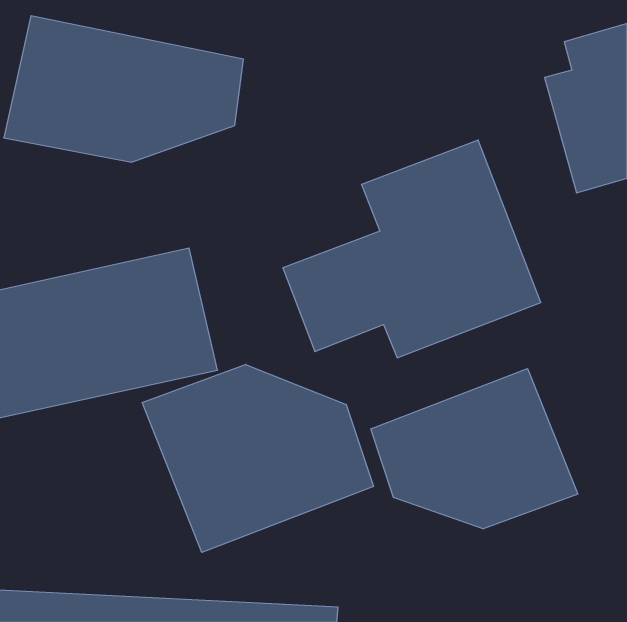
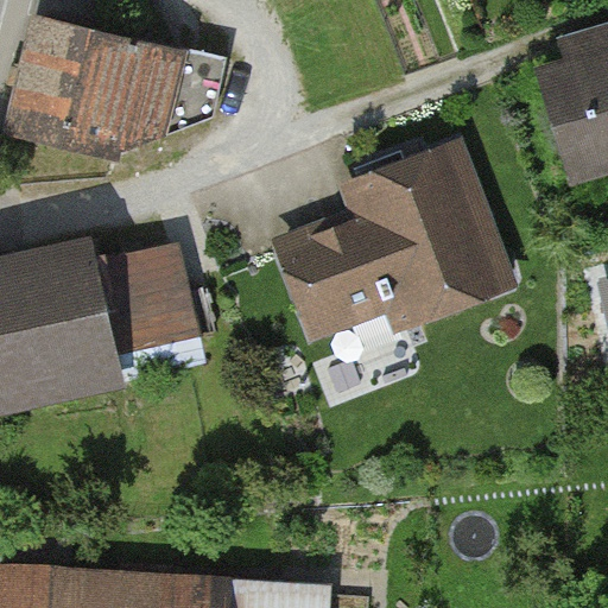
building: [142,364,373,552] -> none
building: [371,369,578,529] -> none

